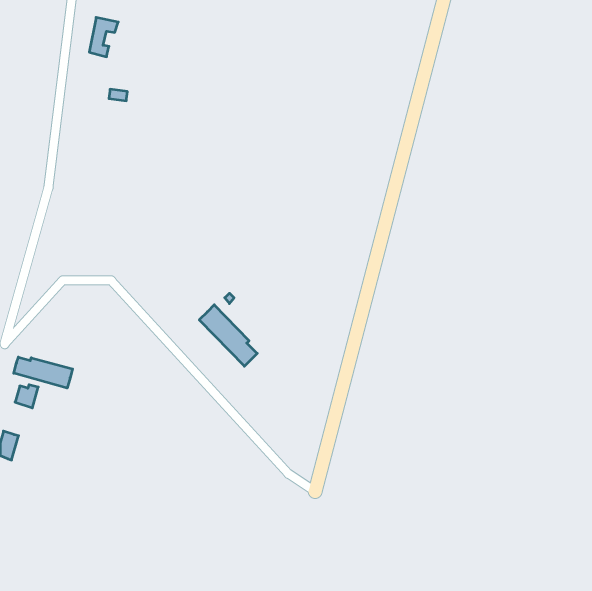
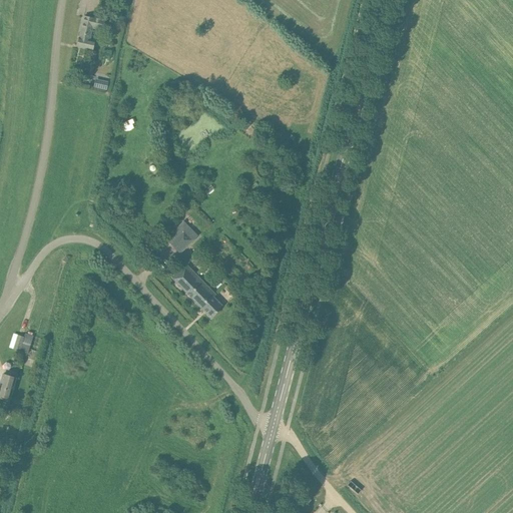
building: none -> [165,220,194,252]
building: [14,357,73,388] -> none

